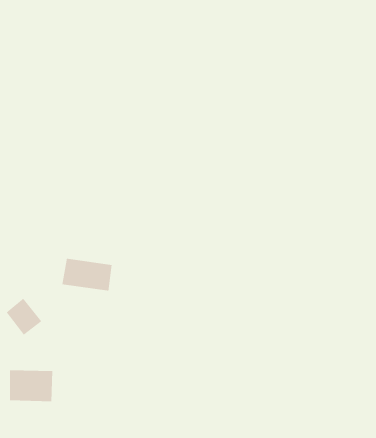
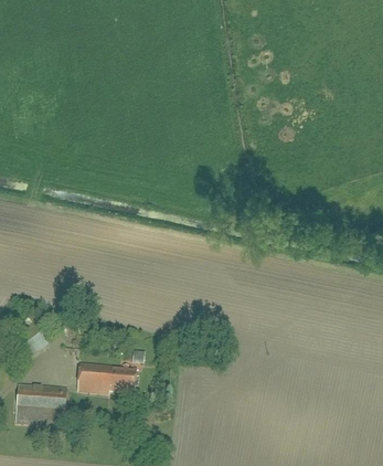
building: [62,258,112,291] -> [79,364,130,398]

